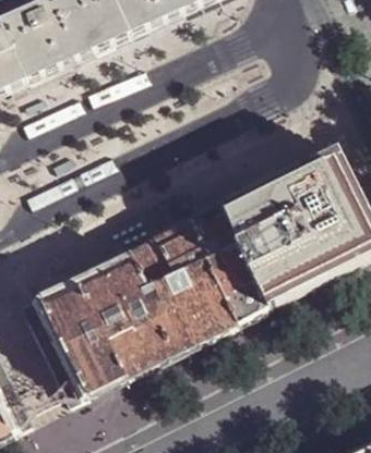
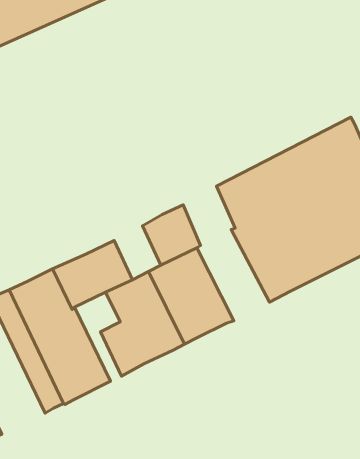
building: [190,204,266,322] -> none
building: [129,238,170,286] -> none
building: [94,297,135,376] -> none

